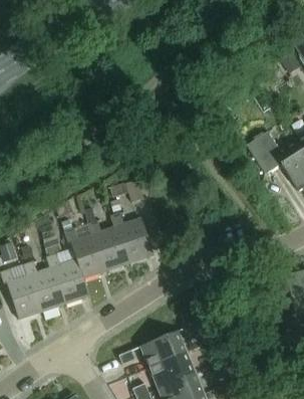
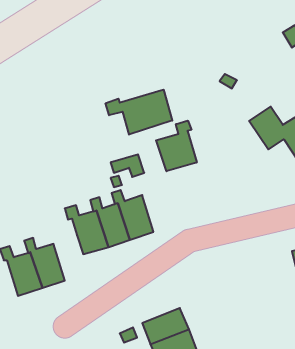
building: none -> [106,90,172,135]
building: none -> [156,121,197,171]
building: [47,254,89,304] -> none

